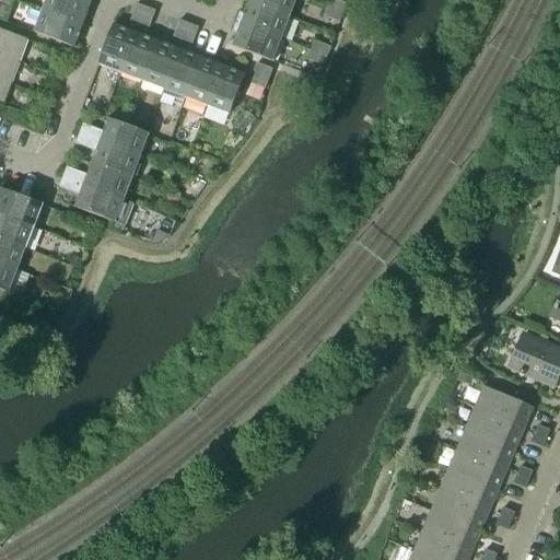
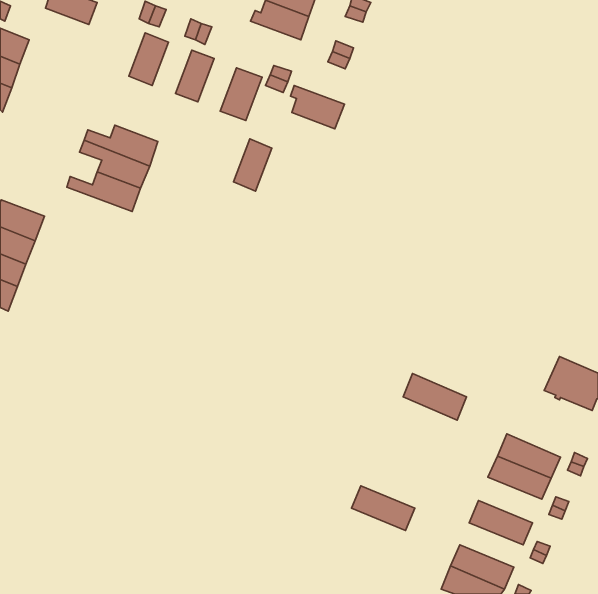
building: [34,8,83,46] -> none
building: [231,20,281,60] -> [291,86,344,129]
building: [97,22,136,71] -> none
building: [142,39,179,88] -> none
building: [185,55,221,104] -> [233,139,272,191]
building: [58,175,124,221] -> none
building: [474,384,533,428] -> [403,373,466,420]
building: [447,446,506,489] -> none
building: [430,489,489,530] -> [352,486,415,530]

